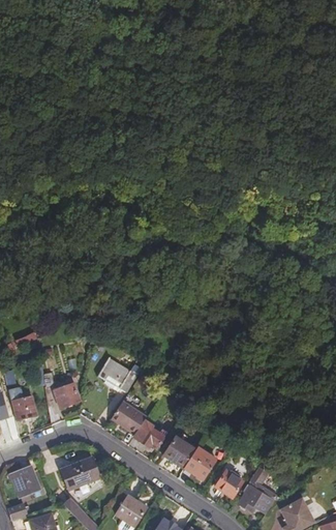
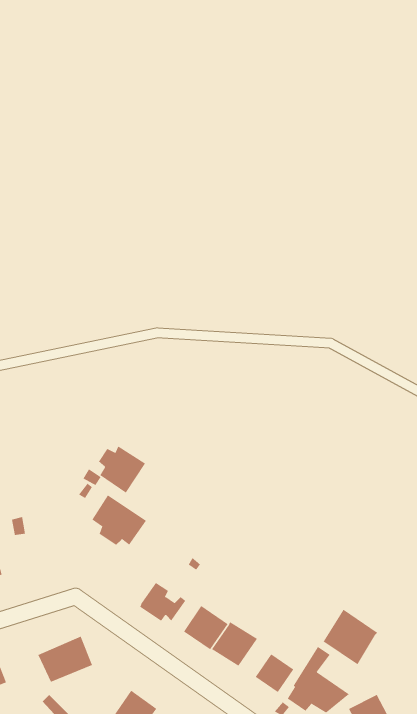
building: none -> [98,446,146,494]
building: [54,383,80,407] -> none
building: [111,401,146,434] -> none
building: none -> [323,609,378,665]

